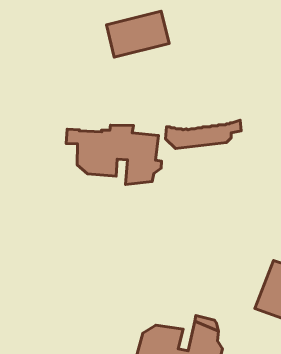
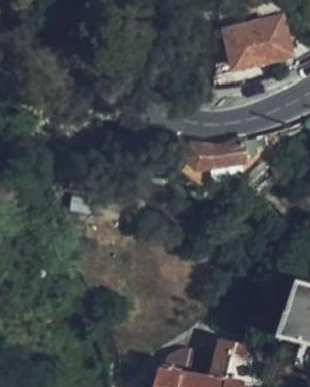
building: [106,11,169,57] -> [222,18,288,66]
building: [66,125,162,185] -> none

